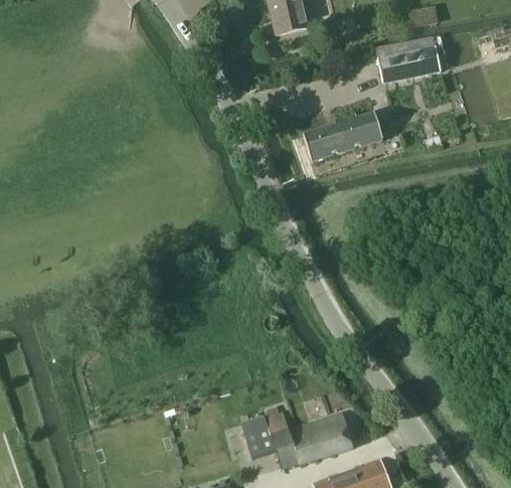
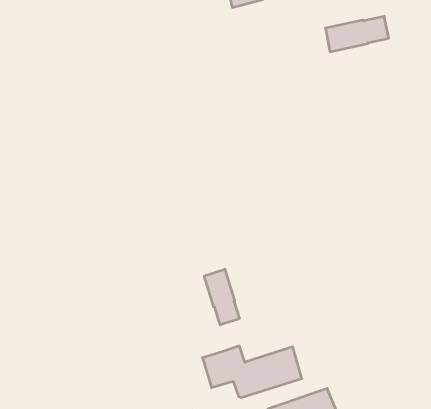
building: [304,113,383,161] -> none
building: none -> [204,269,239,325]

